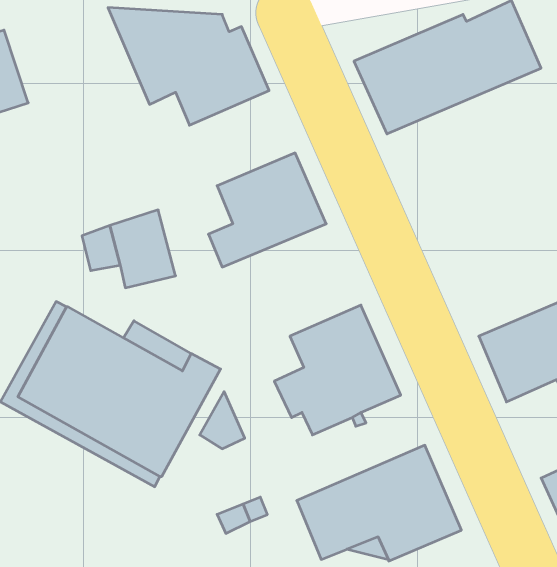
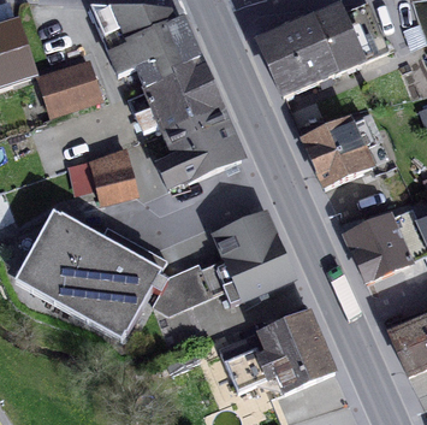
building: none -> [38,61,100,114]
building: none -> [129,65,219,131]
building: none -> [303,111,380,187]
building: none -> [170,261,217,307]

